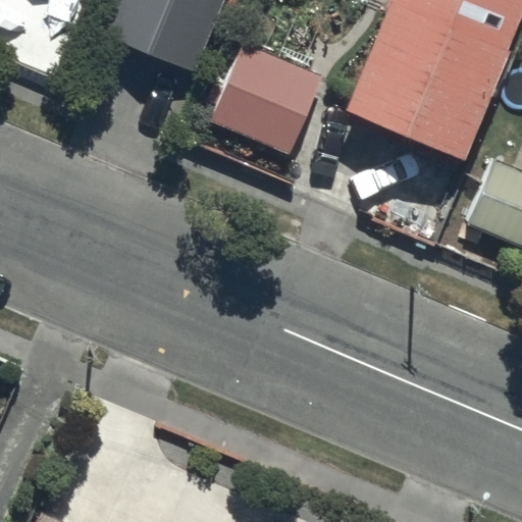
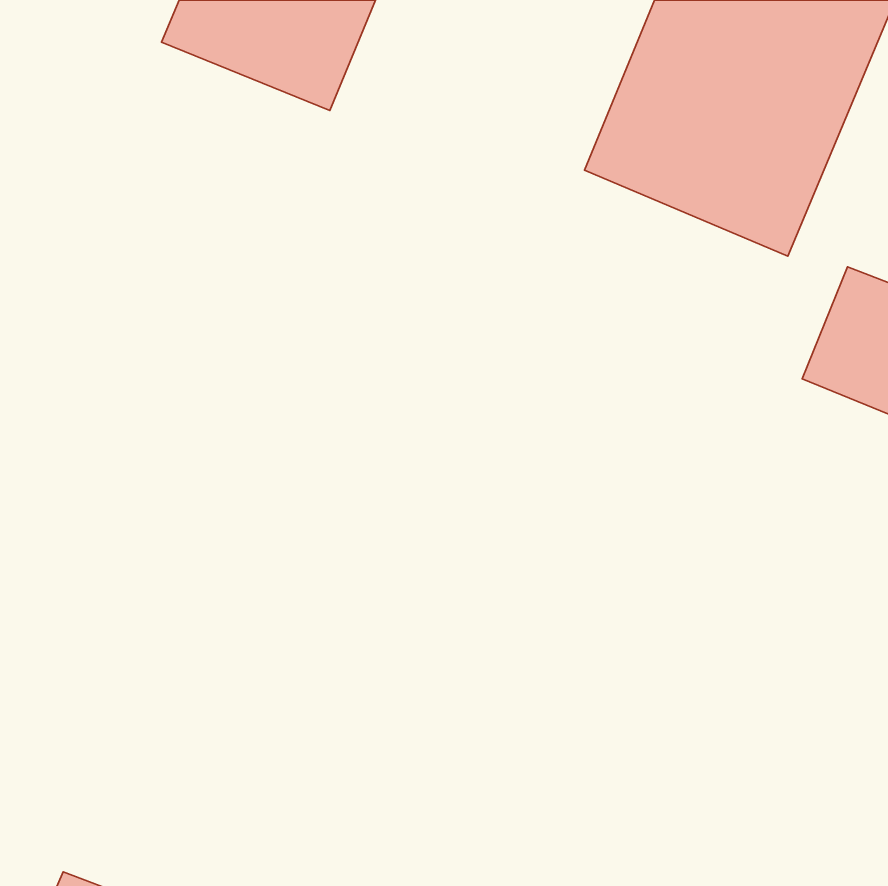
building: [211,44,323,154] -> none

